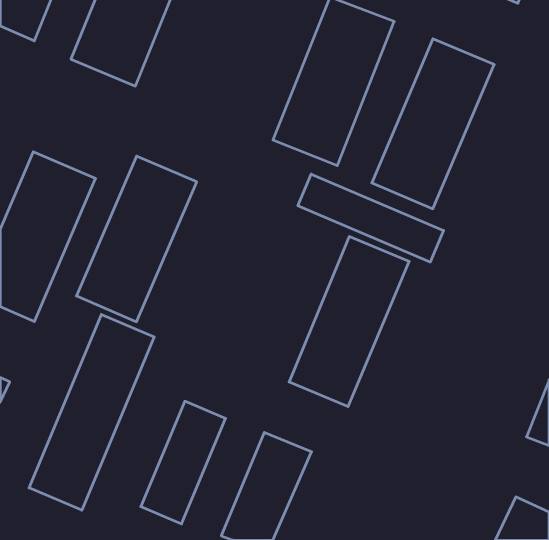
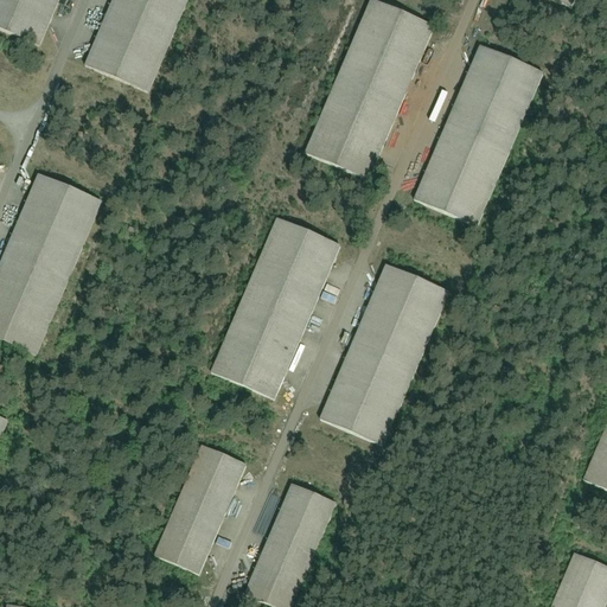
building: [76,156,197,322] -> [209,213,341,396]
building: [298,174,444,262] -> none
building: [29,314,154,510] -> none

